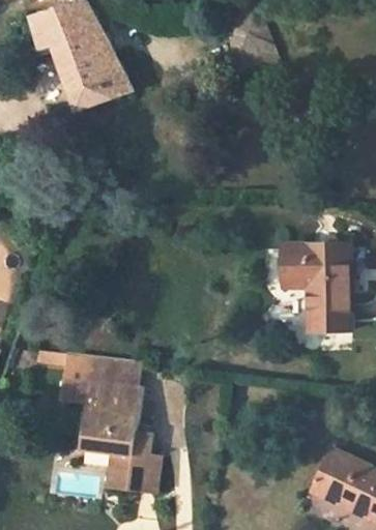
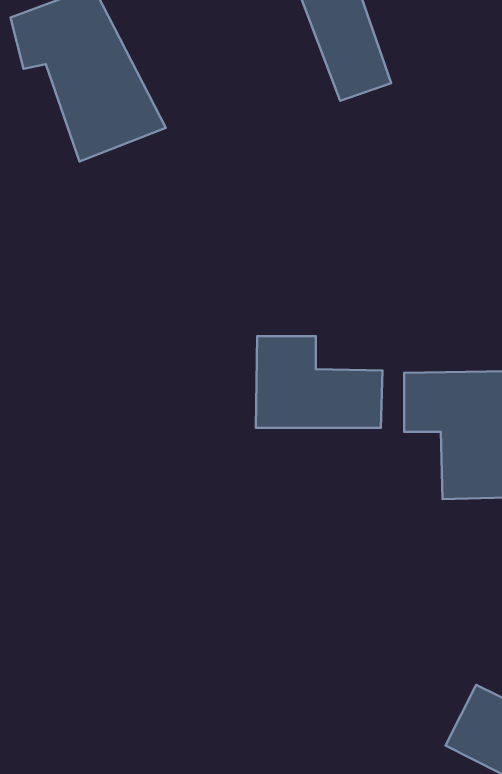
building: none -> [256,336,383,428]
building: [62,353,160,493] -> none

